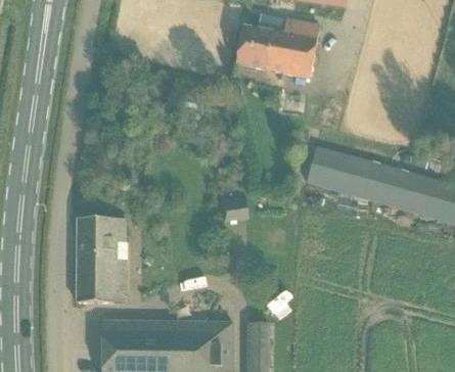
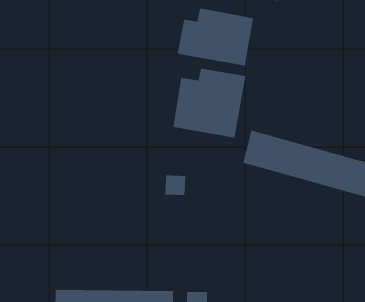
building: none -> [173,68,246,139]
building: [77,218,125,303] -> none

